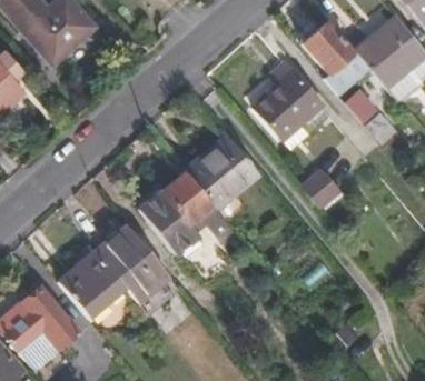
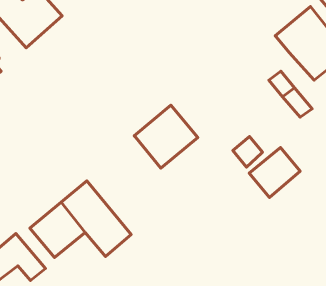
building: [305,22,370,96] -> none
building: [255,62,323,139] -> none
building: [142,172,237,283] -> none
building: none -> [249,148,300,197]

